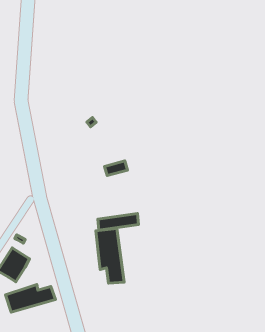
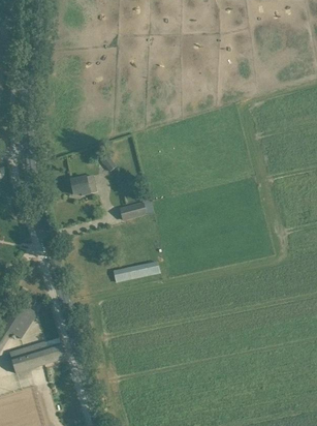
building: none -> [70,175,97,195]
building: [96,228,124,283] -> none

